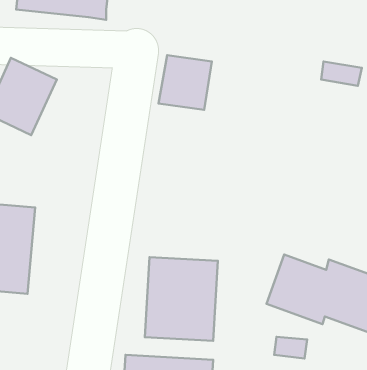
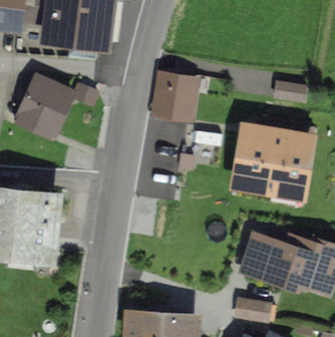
building: none -> [232,126,310,198]
building: [145,257,218,341] -> none

